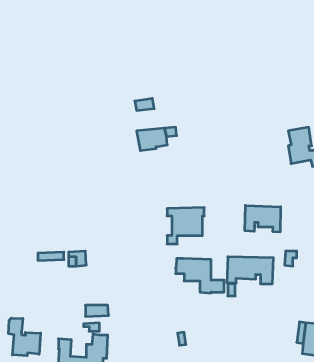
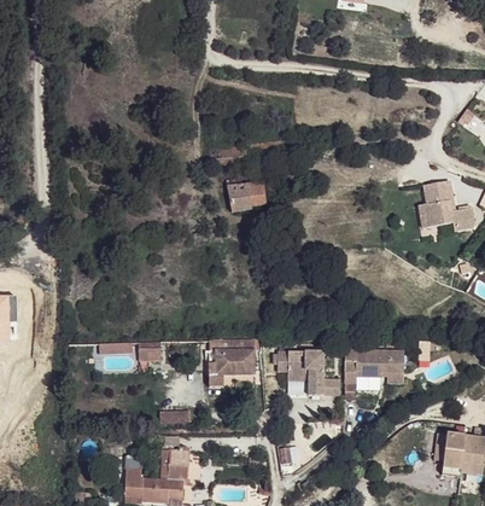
building: [245,205,281,232] -> none
building: [167,208,204,244] -> [210,339,258,386]
building: [9,318,41,356] -> none

